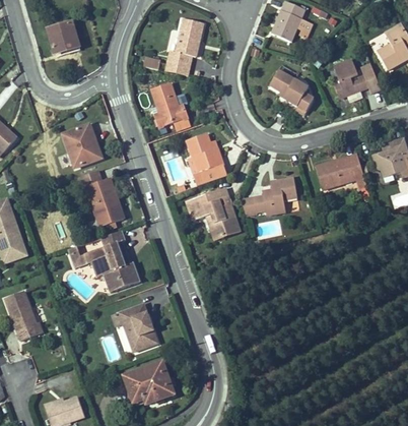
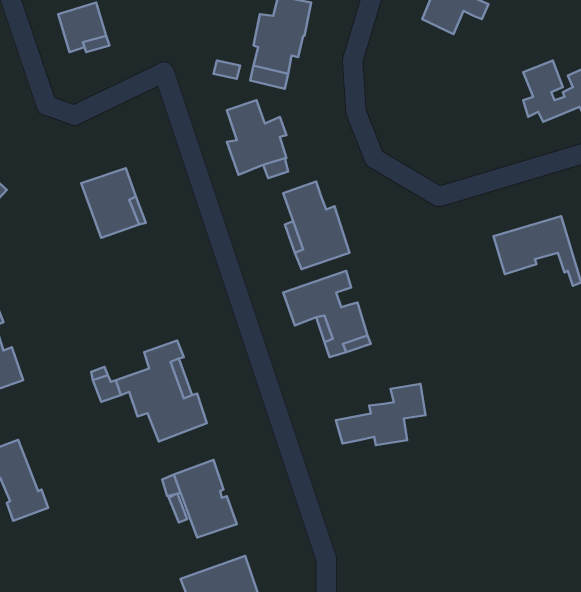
building: [269,69,313,114] -> none
building: [78,170,123,227] -> none
building: [242,177,296,215] -> [336,384,425,445]

